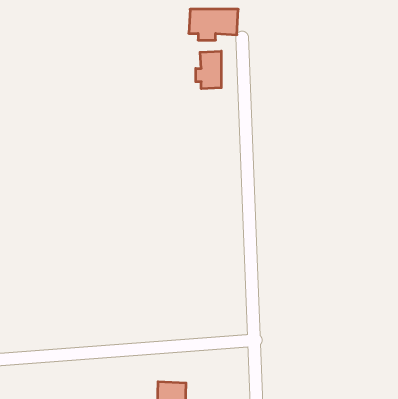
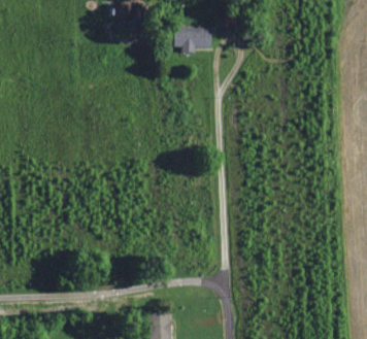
building: [196,51,221,89] -> none

